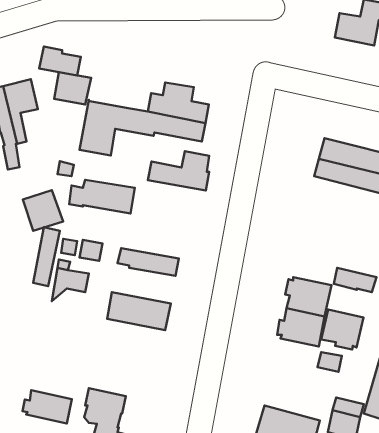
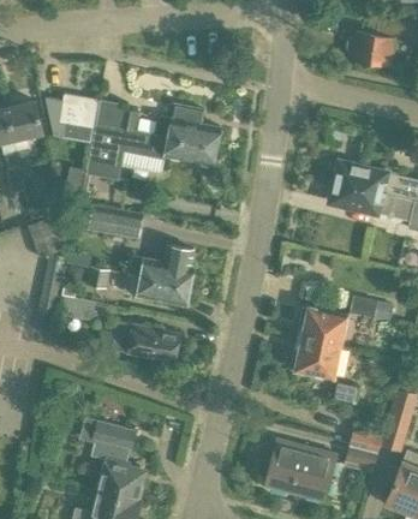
building: [39,47,81,75] -> [96,101,139,131]
building: [148,151,209,190] -> [129,246,192,287]
building: [321,309,364,350] -> none
building: [23,390,72,424] -> none

